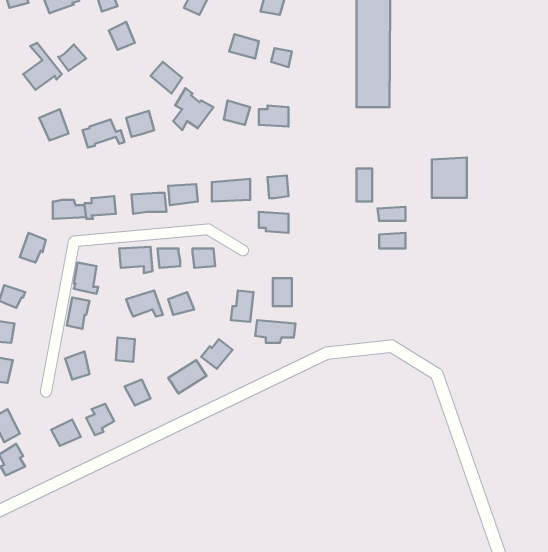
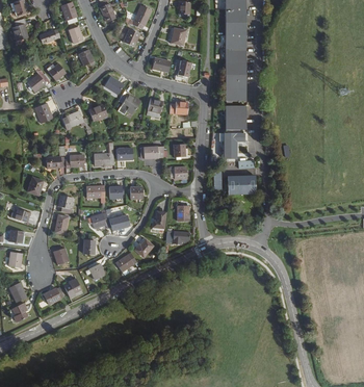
building: [432,158,467,198] -> [226,106,246,130]

